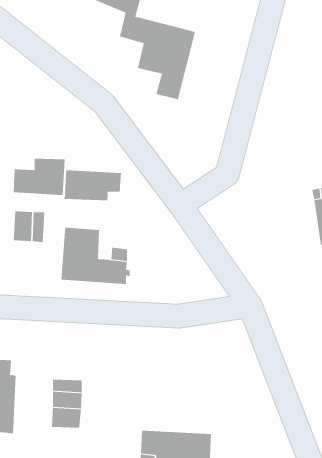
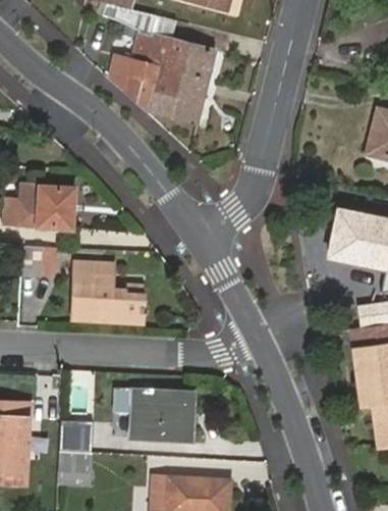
building: none -> [109,52,177,118]
building: [64,170,121,201] -> none
building: none -> [114,390,196,443]

